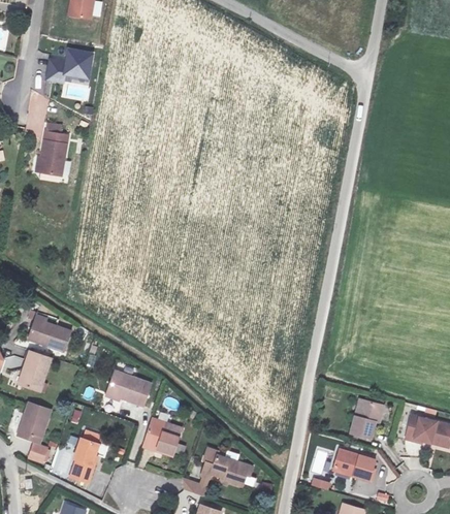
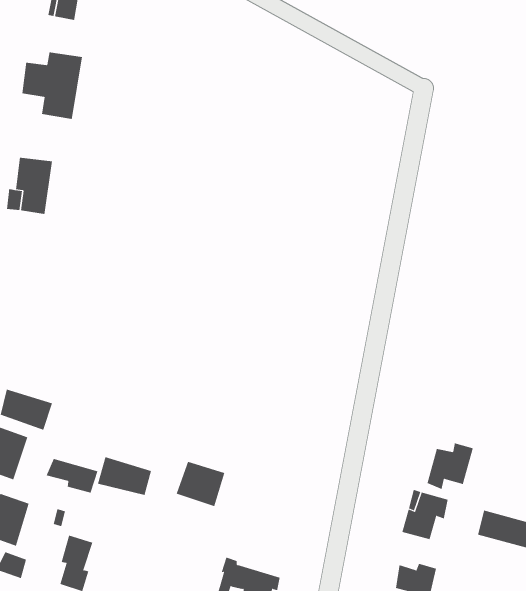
building: none -> [427,443,474,490]
building: none -> [46,458,98,493]
building: [143,416,183,452] -> [176,461,225,507]

